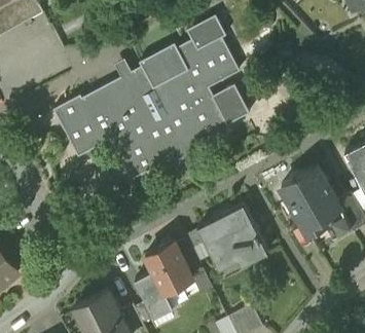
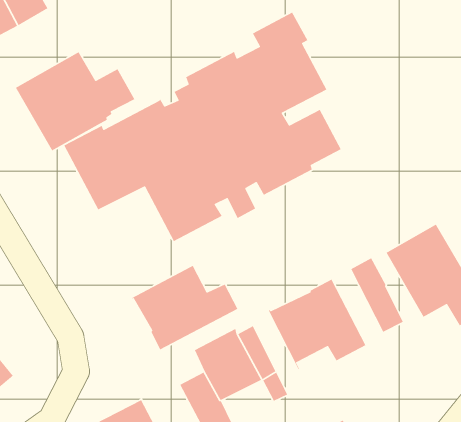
building: none -> [15,51,135,151]
building: none -> [350,257,404,333]
building: none -> [131,261,238,350]

